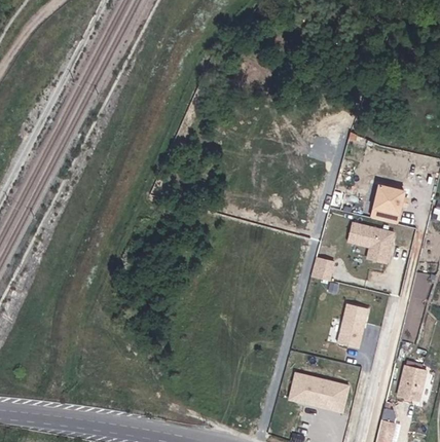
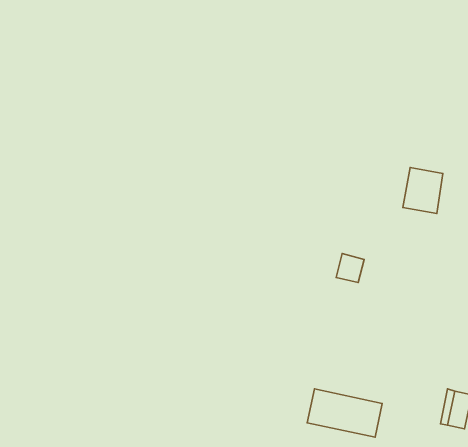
building: [346,221,394,262] -> none
building: [335,301,370,347] -> none

